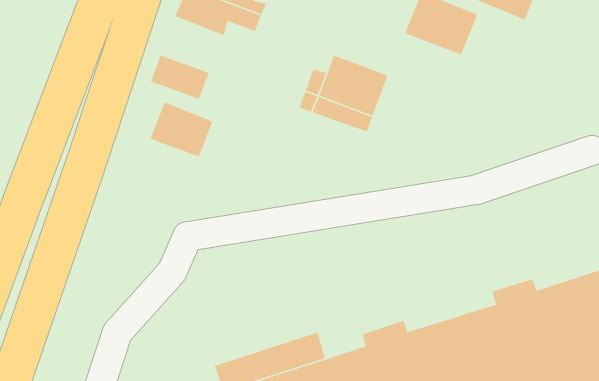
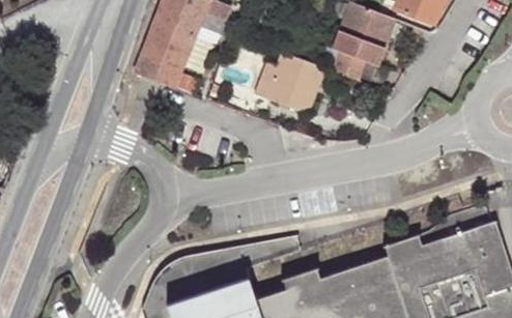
building: none -> [326,37,377,83]
building: [150,101,214,157] -> [138,24,189,68]

